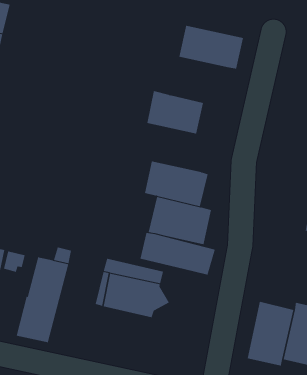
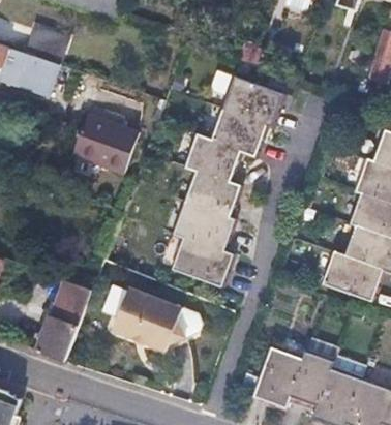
building: none -> [210,105,269,157]
building: none -> [72,112,139,173]
building: none -> [184,169,242,217]
building: [140,232,215,276] -> none

